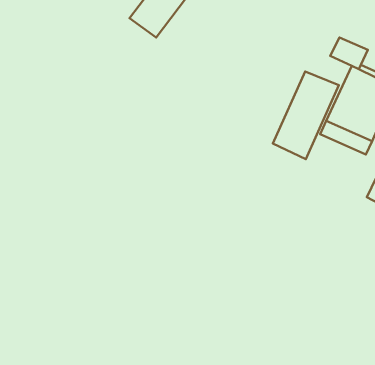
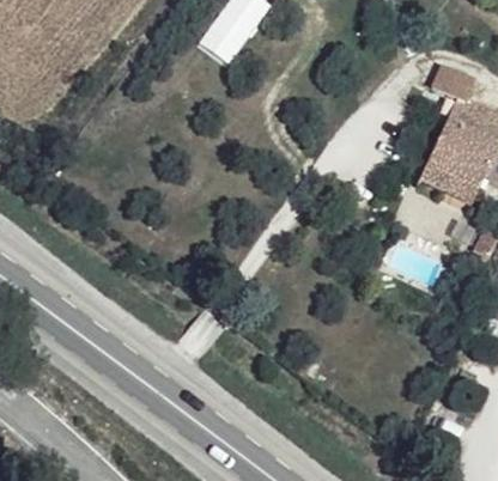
building: [273,72,339,159] -> none

